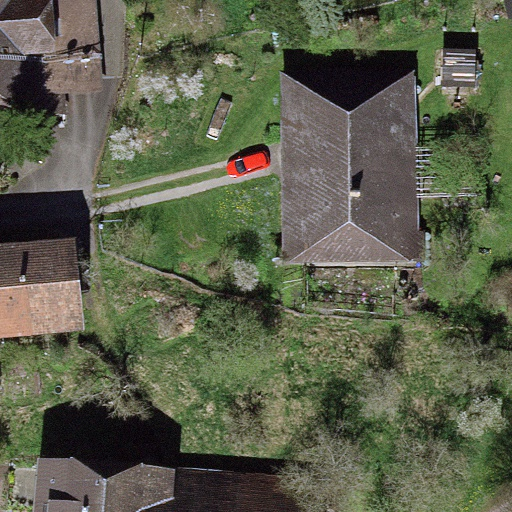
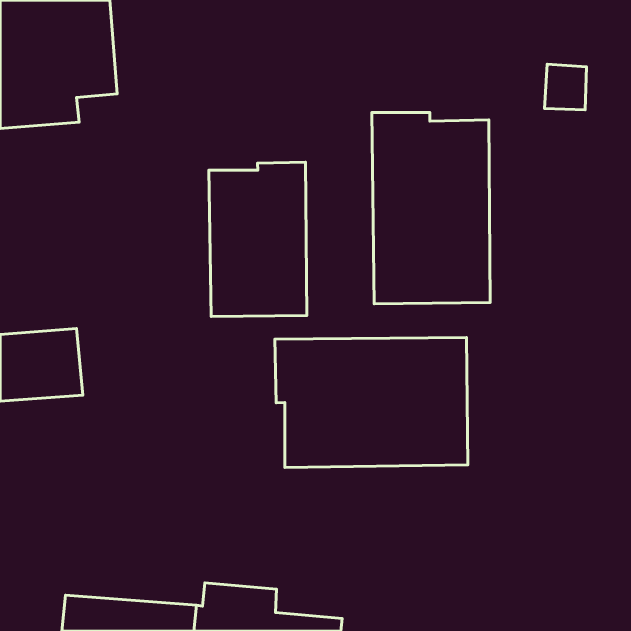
building: none -> [209,162,307,317]
building: none -> [275,338,468,468]

